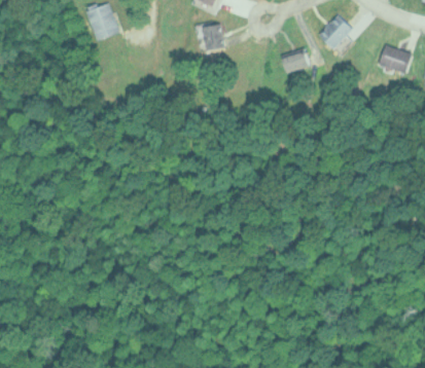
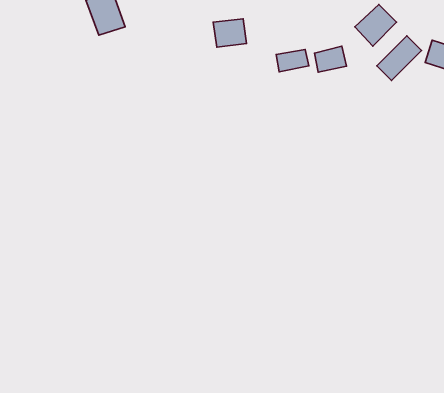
building: none -> [377,36,421,80]
building: none -> [276,50,309,72]

